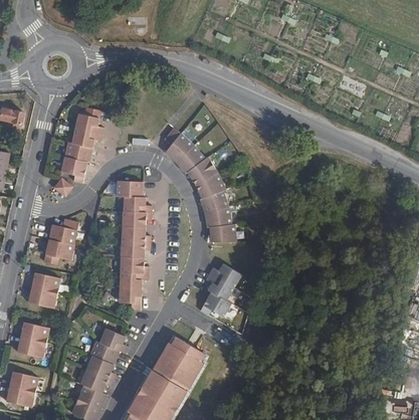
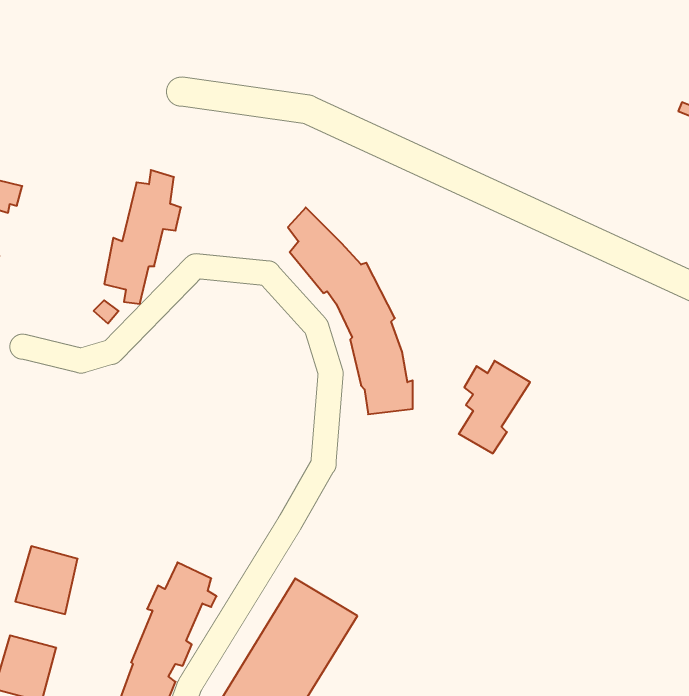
building: [119,182,154,311] -> none
building: [45,218,81,268] -> none
building: [204,267,244,320] -> [459,361,530,453]
building: [27,270,61,308] -> none

